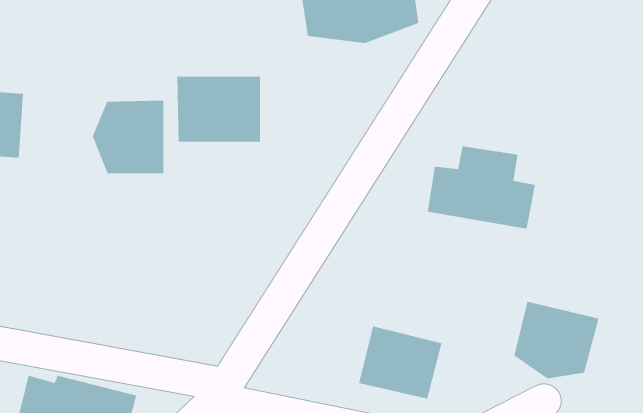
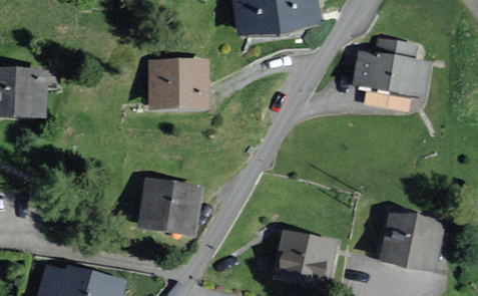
building: [92,100,164,174] -> none
building: [427,145,536,230] -> [354,36,429,94]
building: none -> [140,179,200,234]

